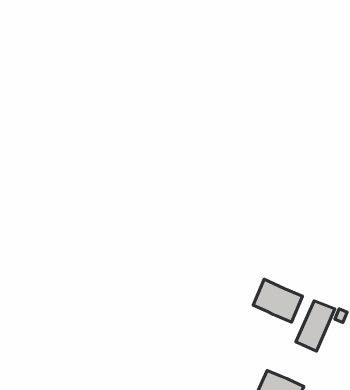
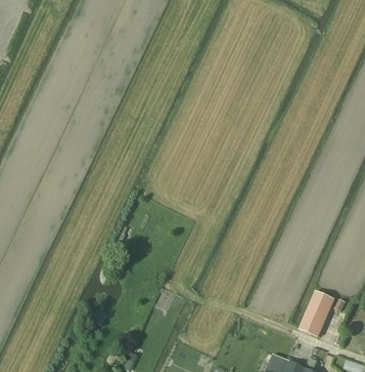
building: [253,279,302,322] -> none

